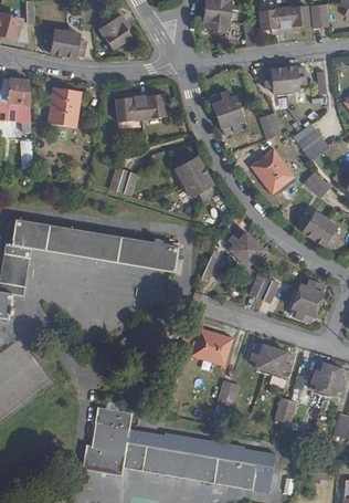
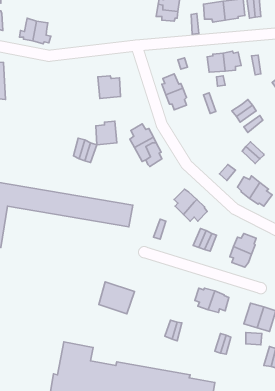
building: [96,11,127,45] -> none
building: [47,86,81,126] -> none
building: [115,95,139,123] -> [96,121,117,145]
building: [248,146,294,192] -> none
building: [190,329,232,367] -> [99,282,135,314]

